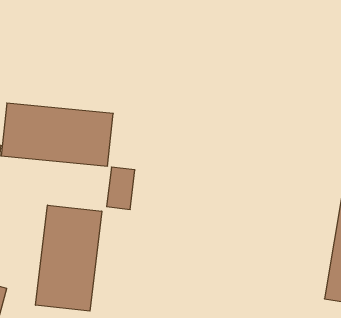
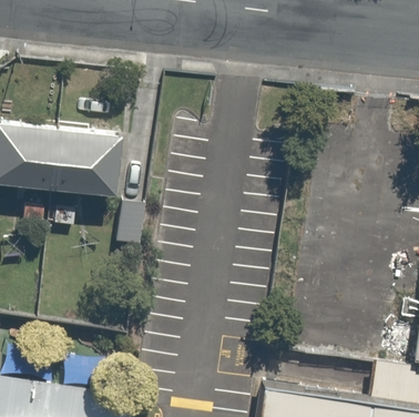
building: [36,205,102,311] -> none

